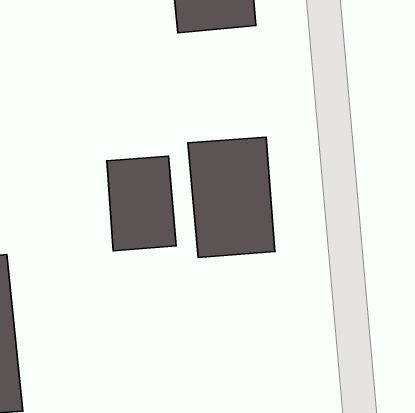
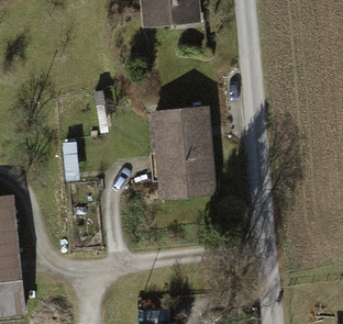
building: [107,156,176,251] -> none

